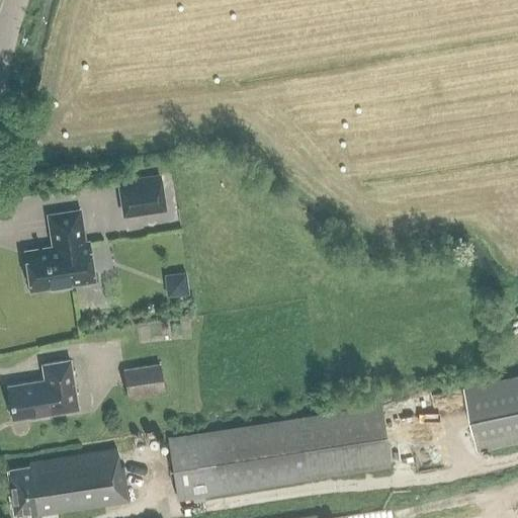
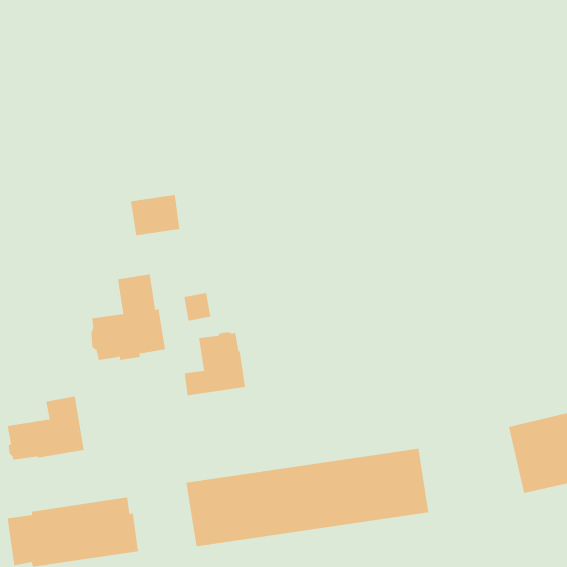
building: [25,212,94,291] -> [90,274,166,360]
building: none -> [184,331,246,396]
building: [123,366,163,399] -> none

